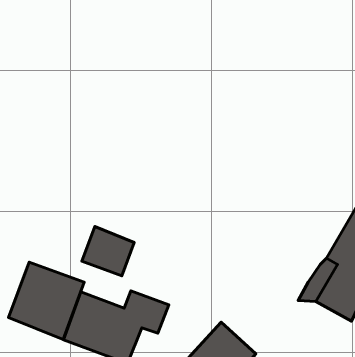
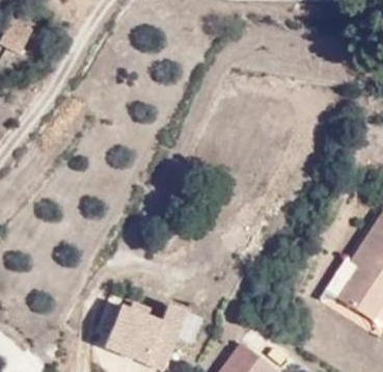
building: [82,227,134,276] -> none
building: [9,262,84,340] -> none

